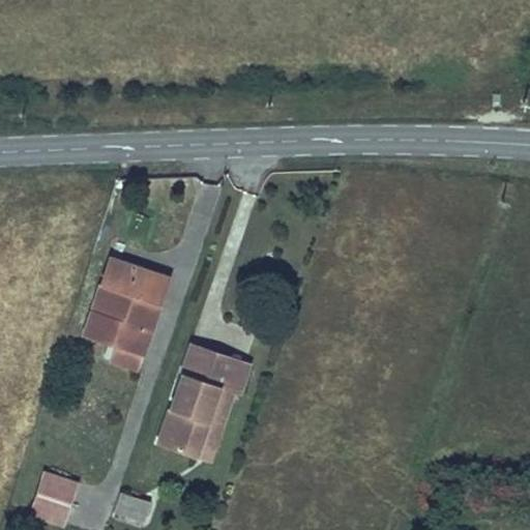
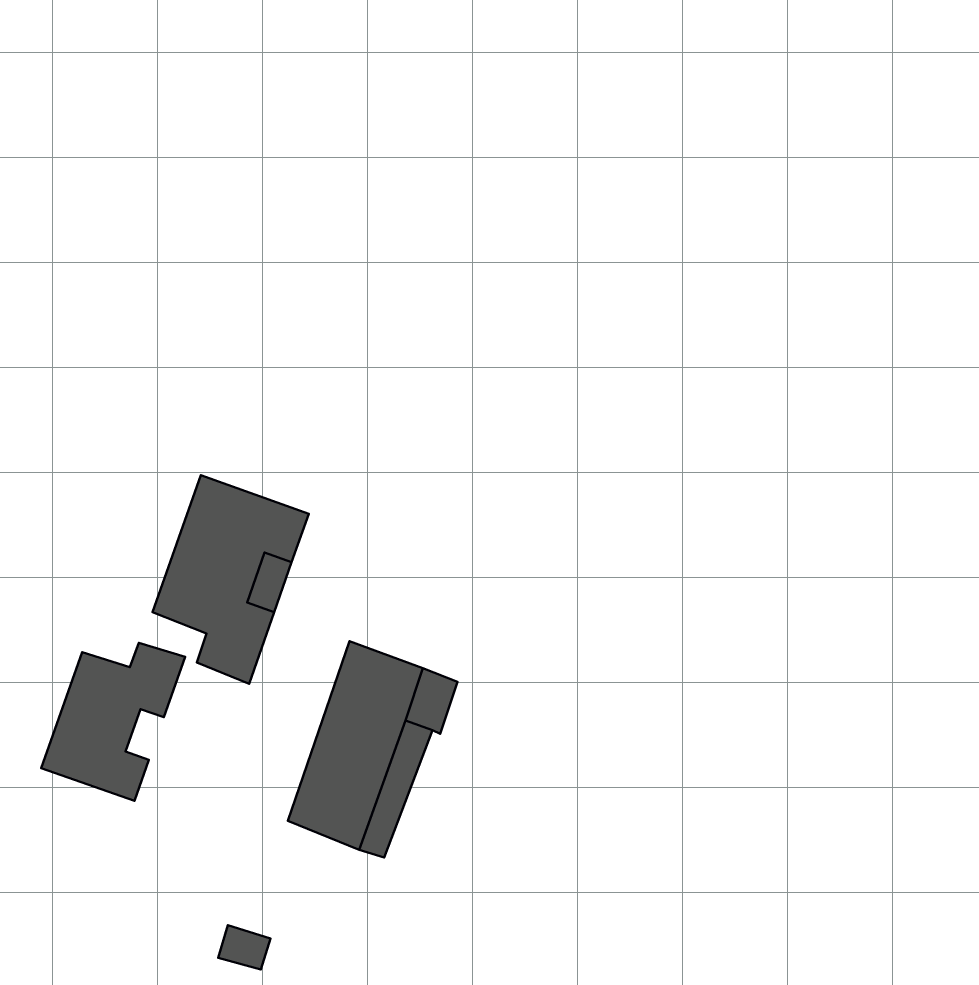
building: none -> [41,643,185,801]
building: [29,473,73,523] -> none

